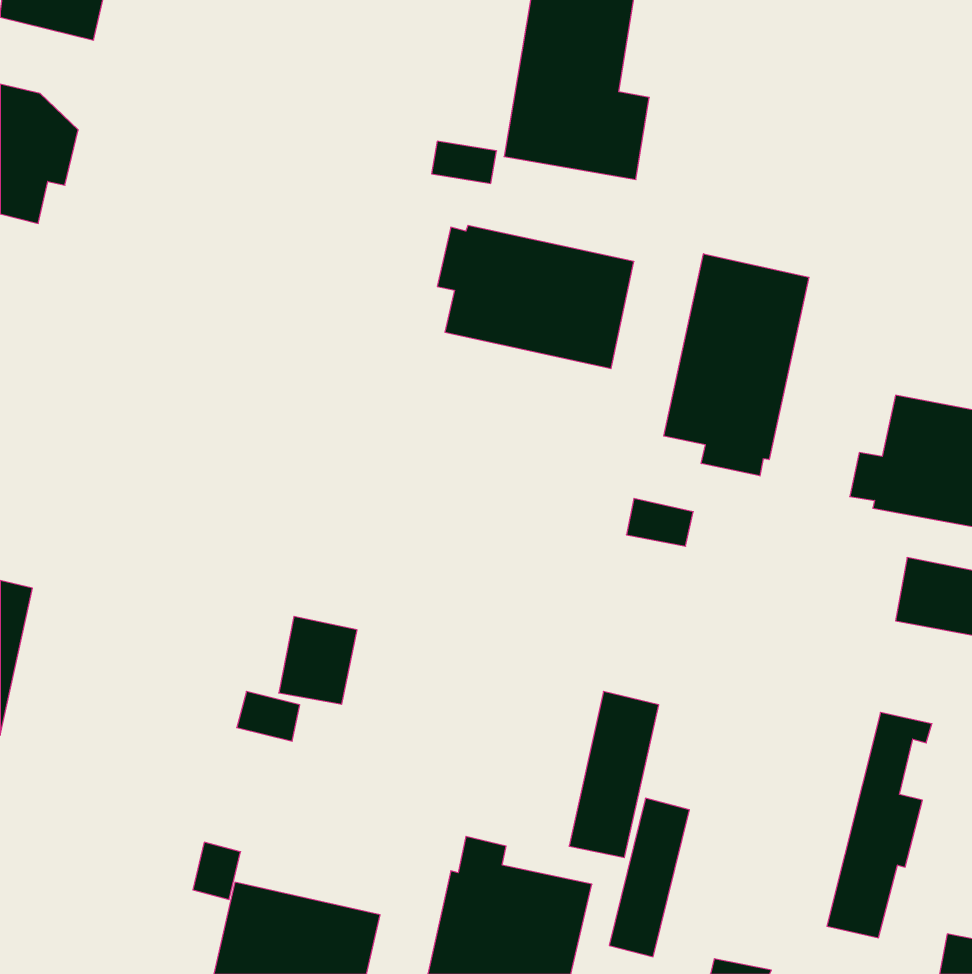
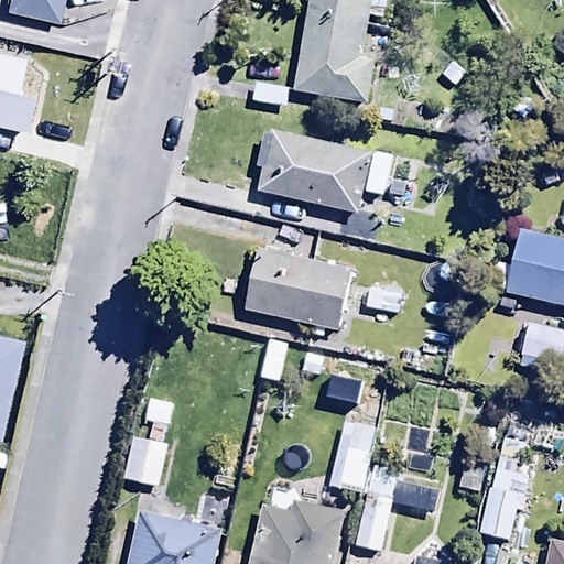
building: [664,254,809,476] -> none
building: none -> [243,243,352,332]
building: [279,616,357,704] -> [122,435,167,486]

